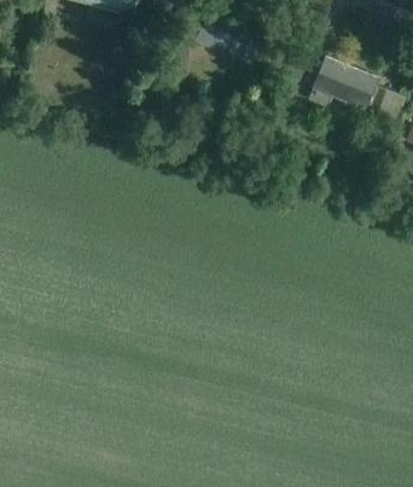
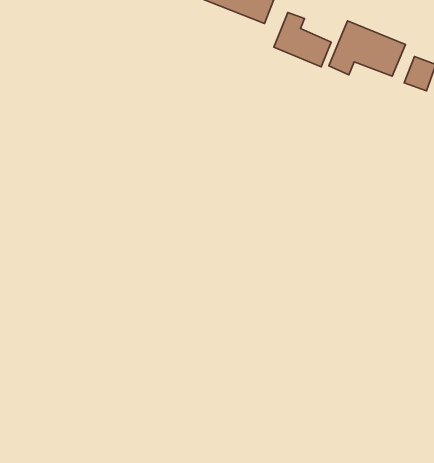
building: none -> [274,12,331,67]

